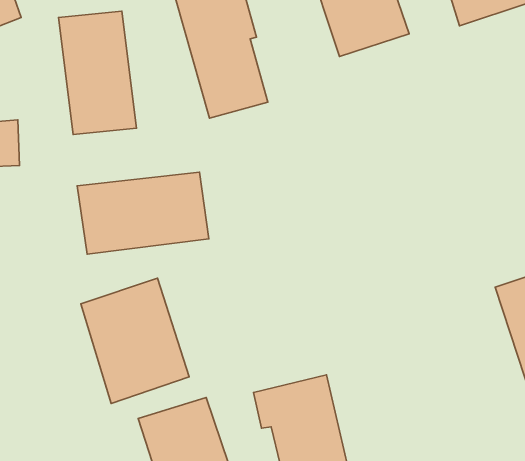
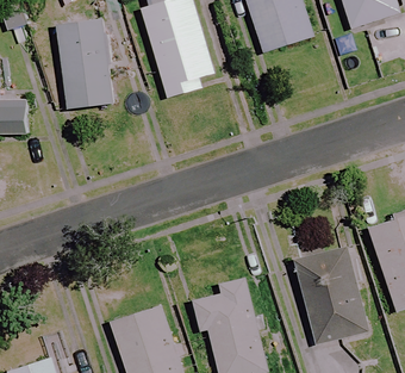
building: [77,172,209,254] -> none
building: [81,278,189,403] -> none
building: none -> [299,242,373,340]

